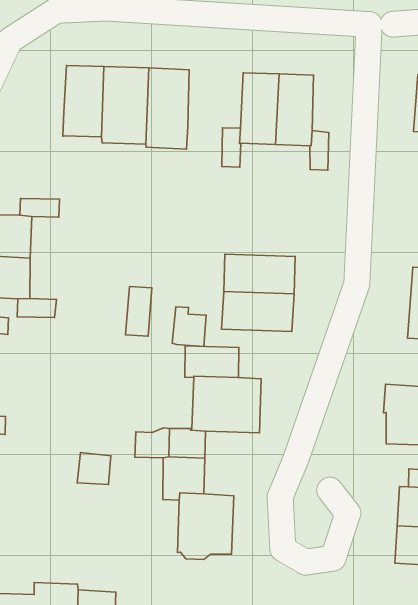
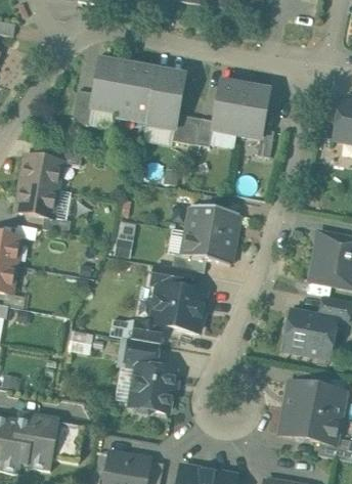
building: none -> [72,89,93,125]
building: none -> [172,114,201,144]
building: [172,307,206,347] -> none

